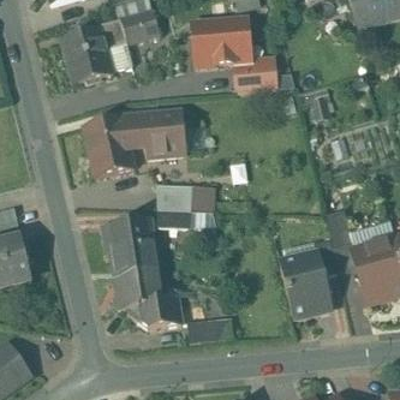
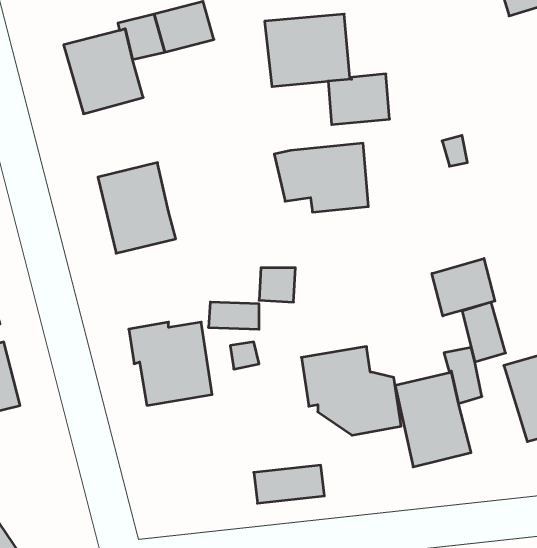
building: [123,109,185,155] -> [274,143,368,212]
building: none -> [432,258,495,316]
building: [157,184,191,209] -> none
building: [115,269,181,328] -> [301,347,401,435]

